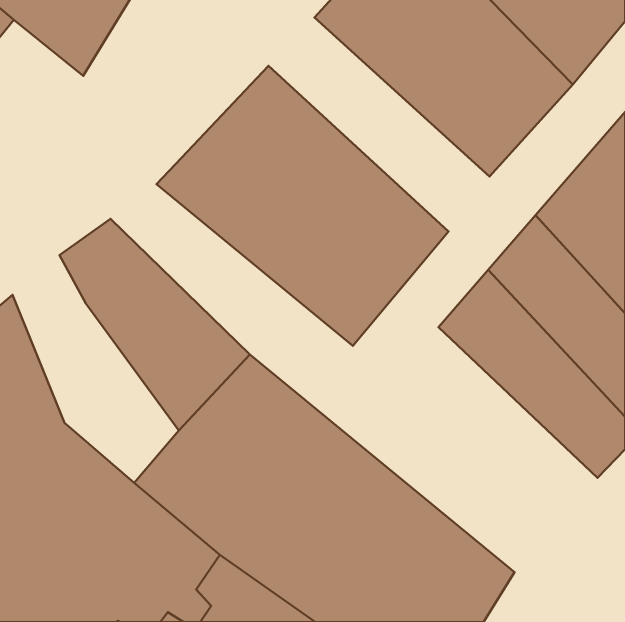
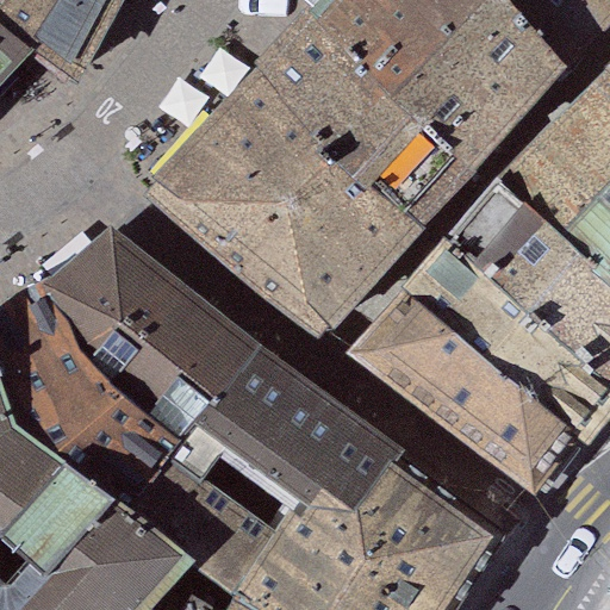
building: none -> [257,17,469,222]
building: none -> [12,244,172,462]
building: none -> [374,313,573,496]

